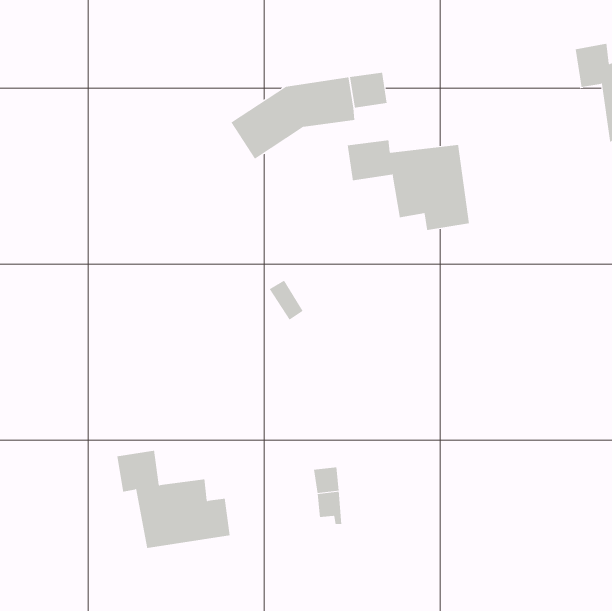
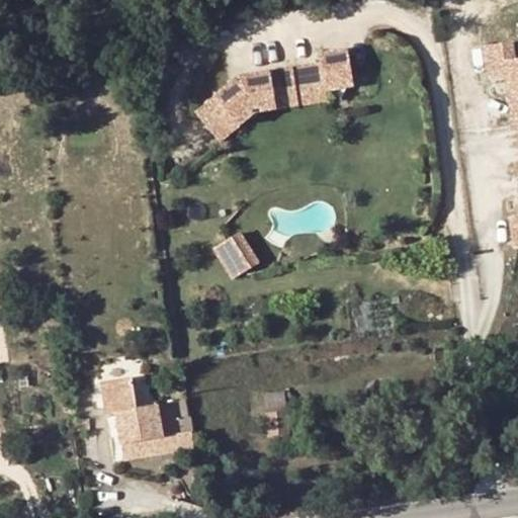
building: none -> [323,50,356,89]
building: [347,139,469,231] -> none

